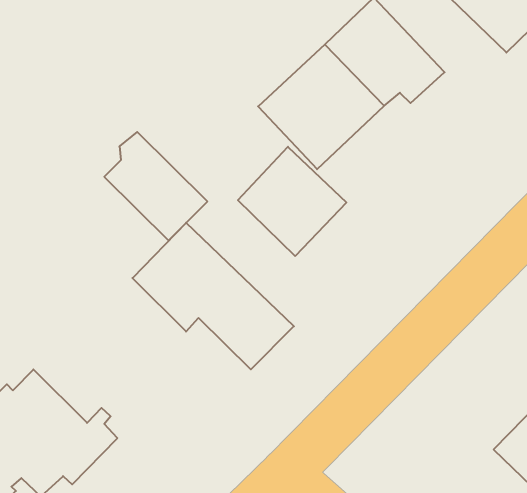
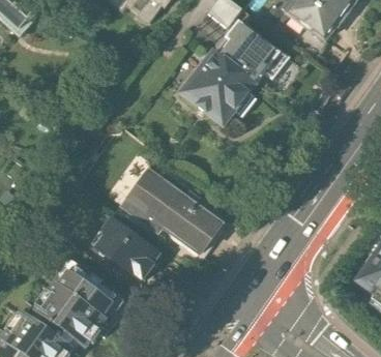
building: [104,132,207,240] -> [94,214,158,276]
building: [238,147,346,256] -> none

